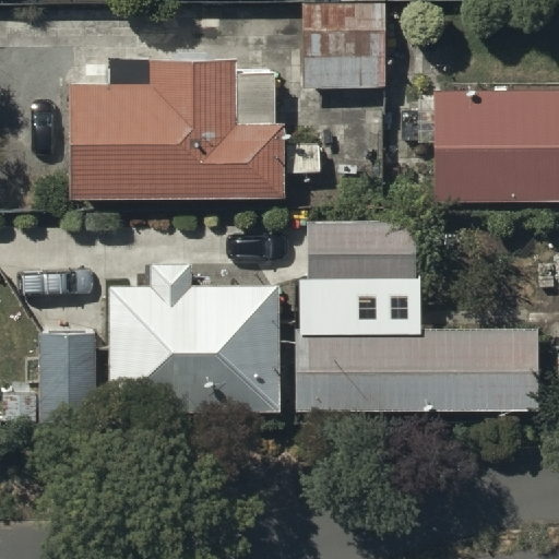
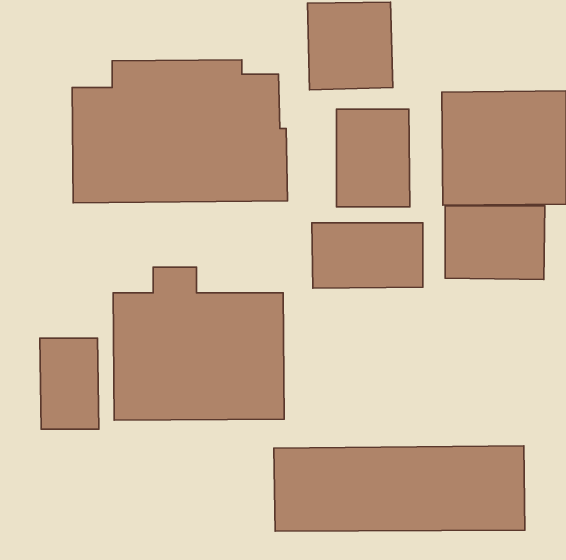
building: none -> [337,109,410,207]
building: none -> [445,206,545,279]
building: [295,329,542,413] -> [274,446,525,531]

